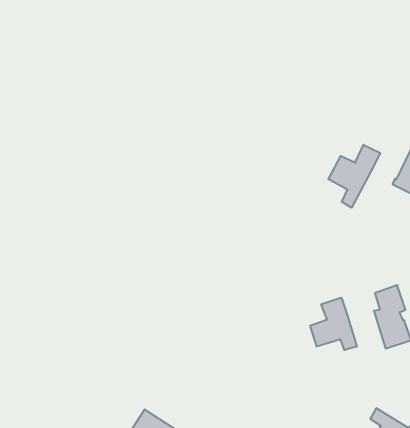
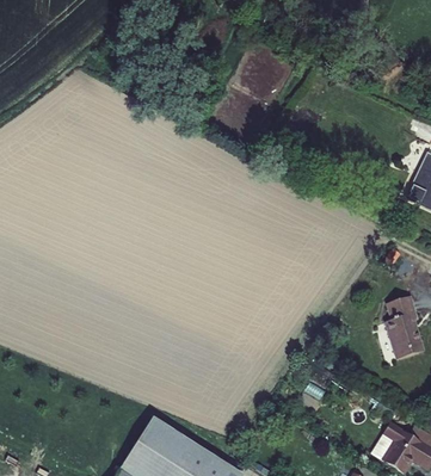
building: [328,145,380,208] -> none
building: [310,298,357,350] -> none

